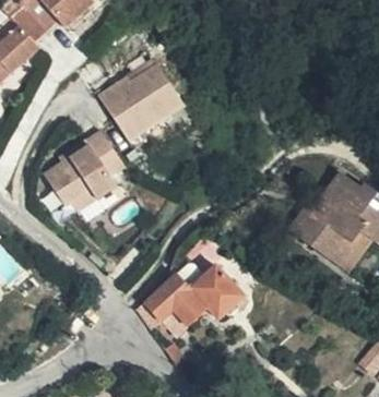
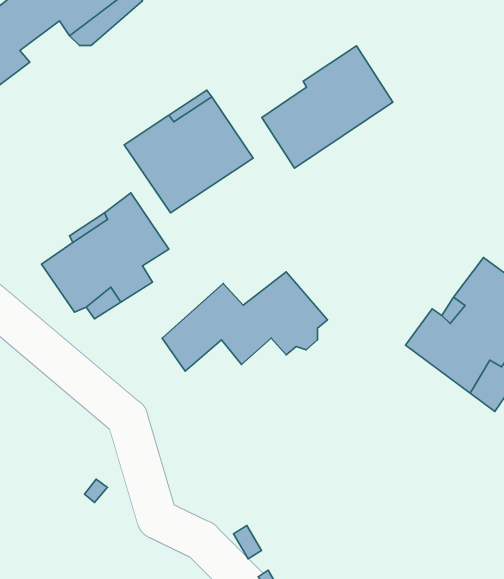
building: none -> [262,46,393,168]
building: [140,261,249,326] -> [162,272,328,371]

